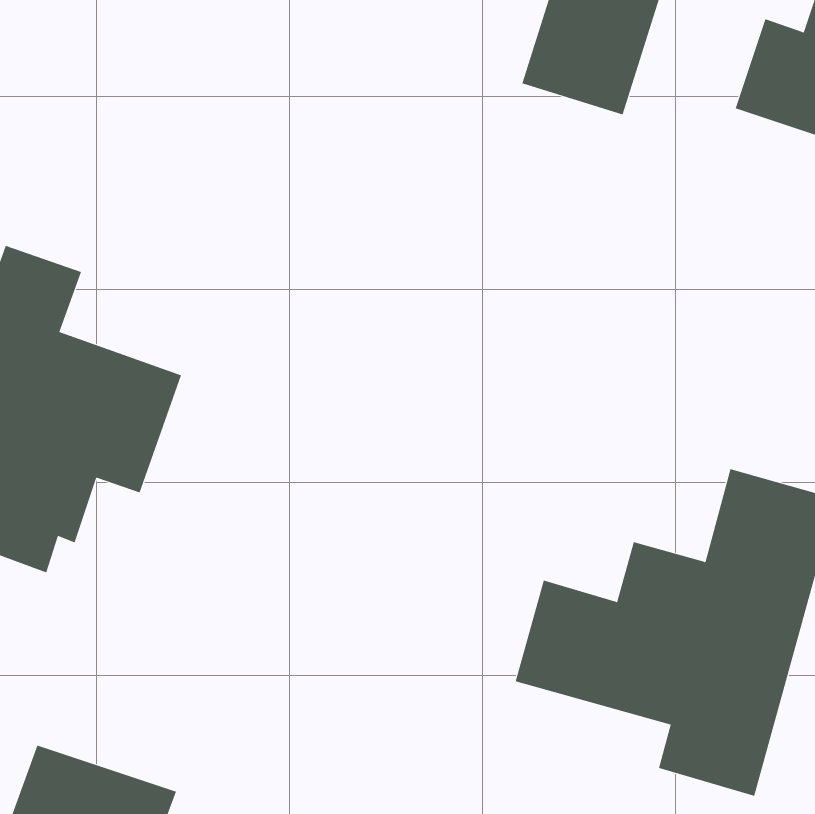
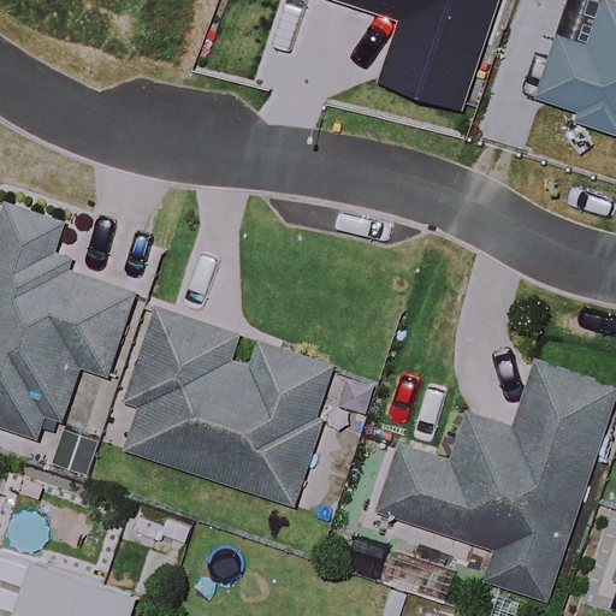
building: none -> [129,314,332,502]

